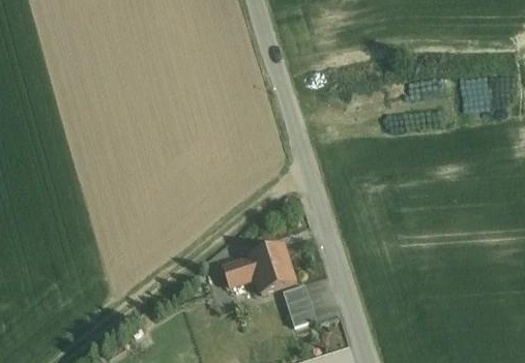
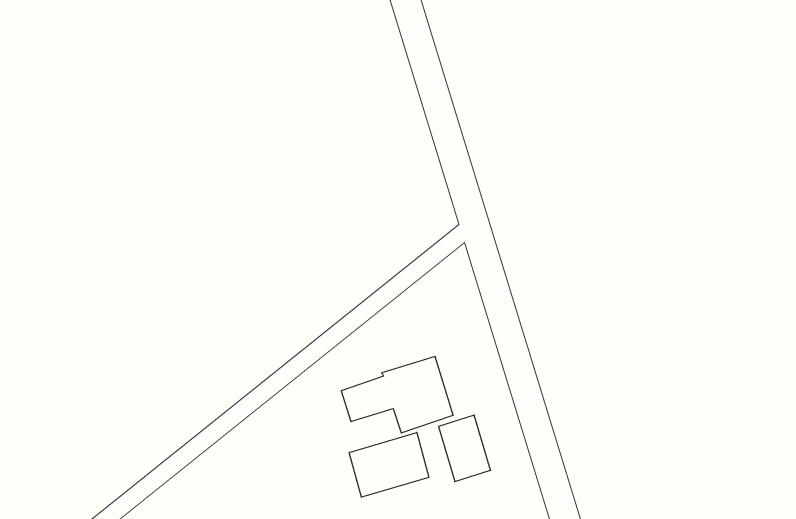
building: none -> [349,432,429,497]

